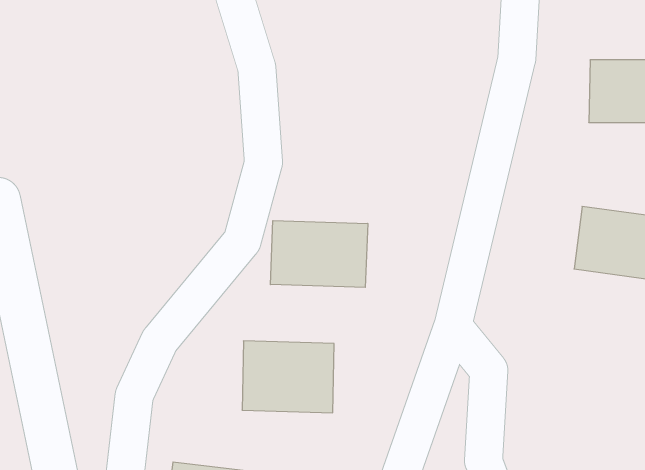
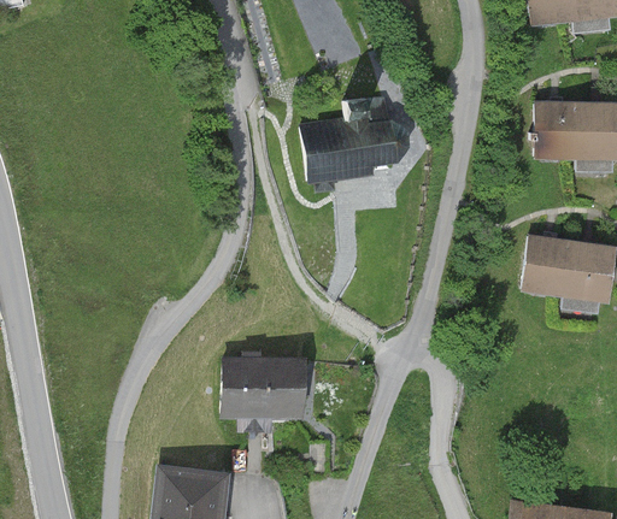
building: none -> [301,98,410,193]
building: [270,221,368,287] -> none

